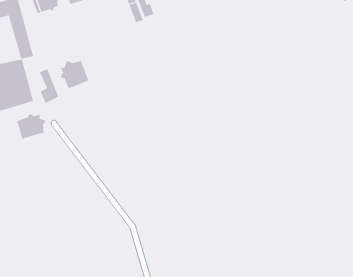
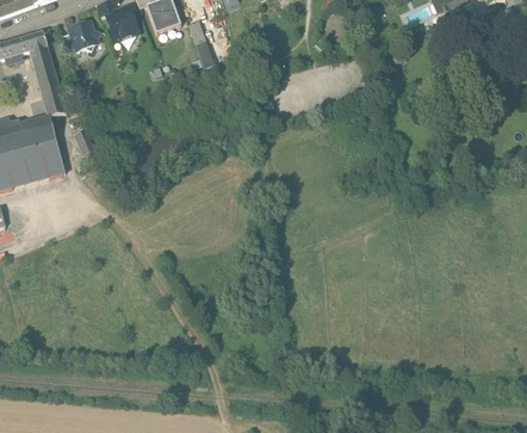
building: [60,60,89,89] -> none
building: [16,113,46,139] -> none

